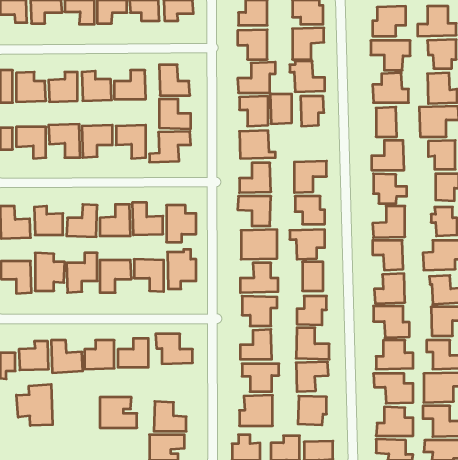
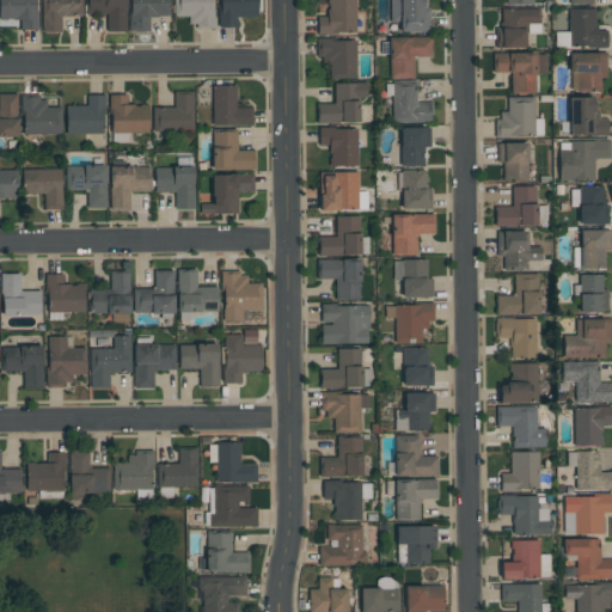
building: [270,94,292,124] -> [402,171,430,210]
building: [16,384,53,426] -> none
building: [100,397,137,428] -> [209,486,258,527]

